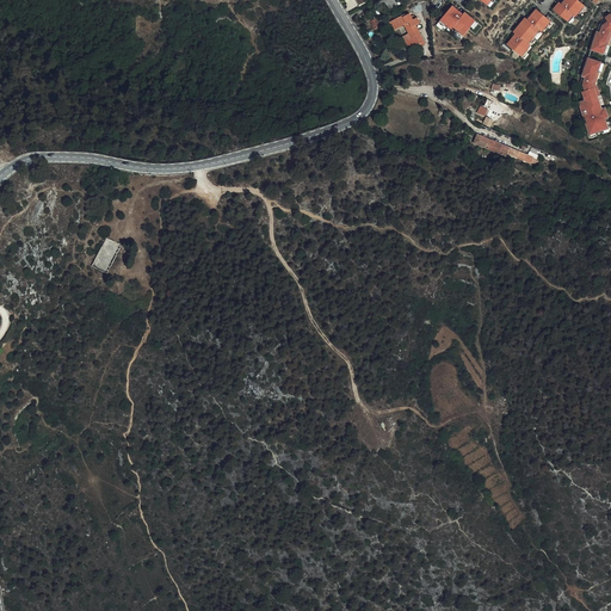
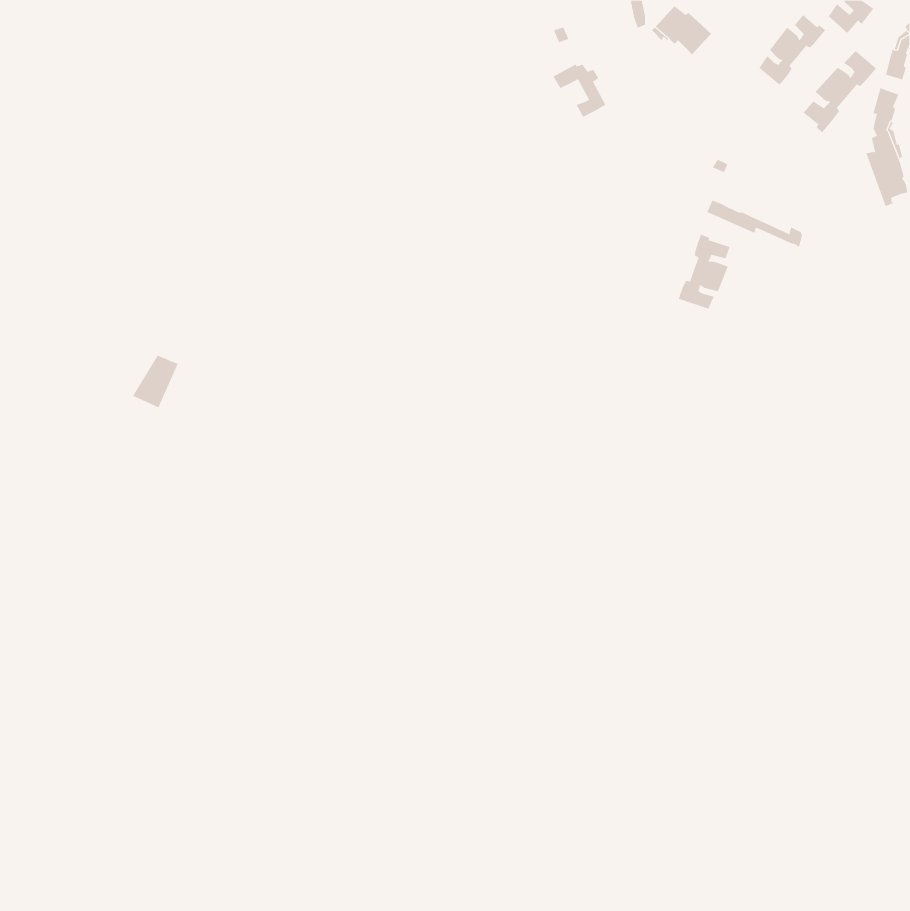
building: [389,11,425,47] -> [553,64,606,117]
building: none -> [803,50,877,133]
building: none -> [678,234,730,309]

